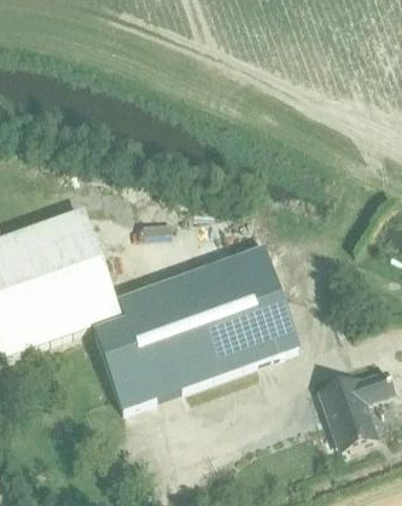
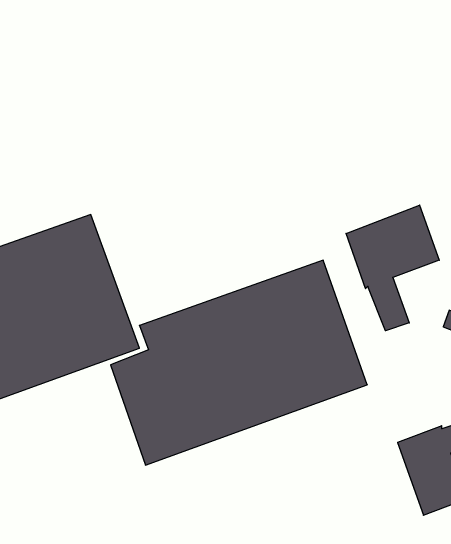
building: none -> [346,205,439,331]

